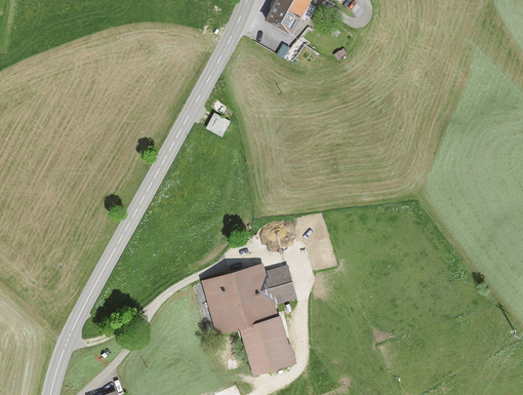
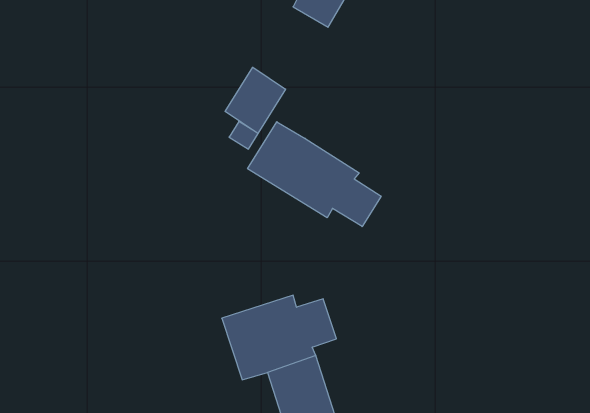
building: none -> [225,67,286,133]
building: none -> [248,122,381,227]

